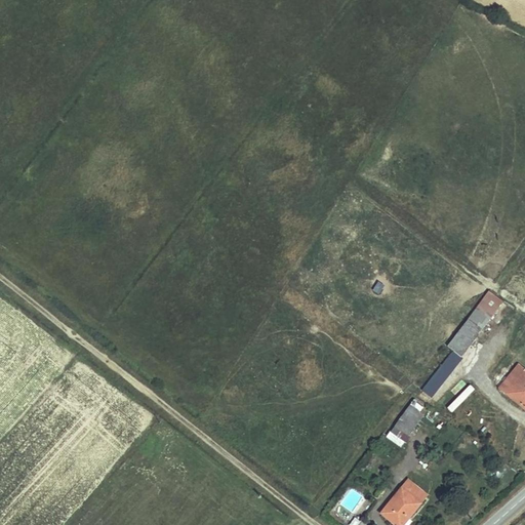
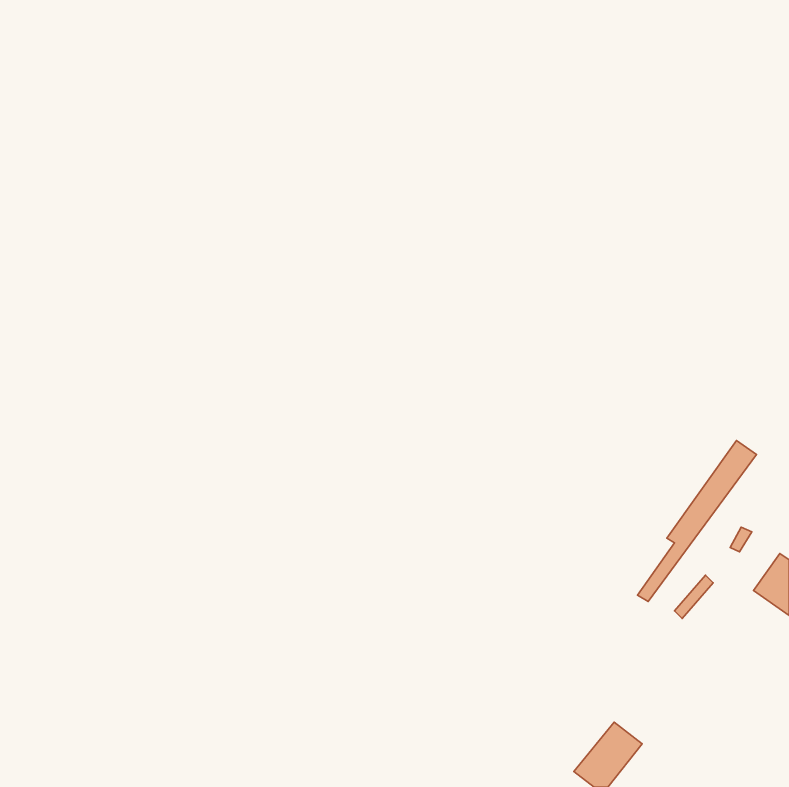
building: [395,403,426,436] -> none

